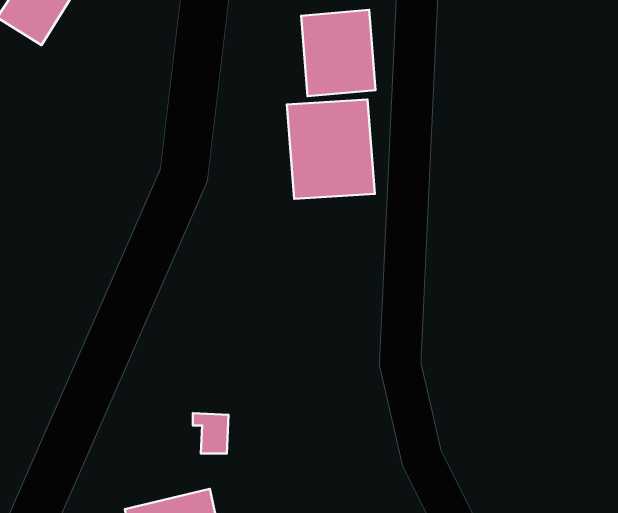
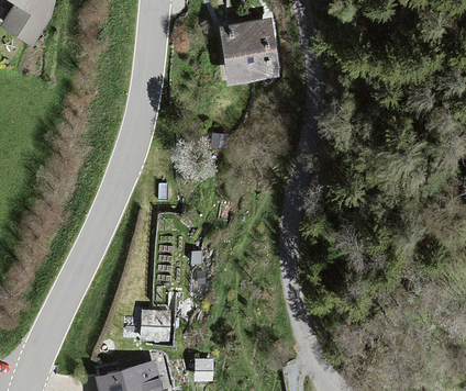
building: [287,99,375,199] -> none

